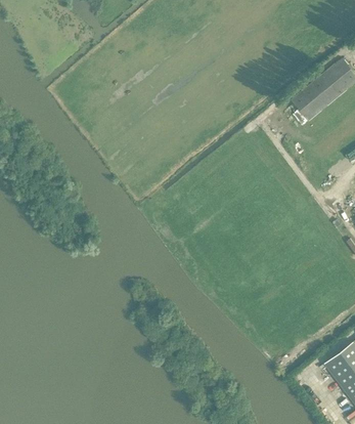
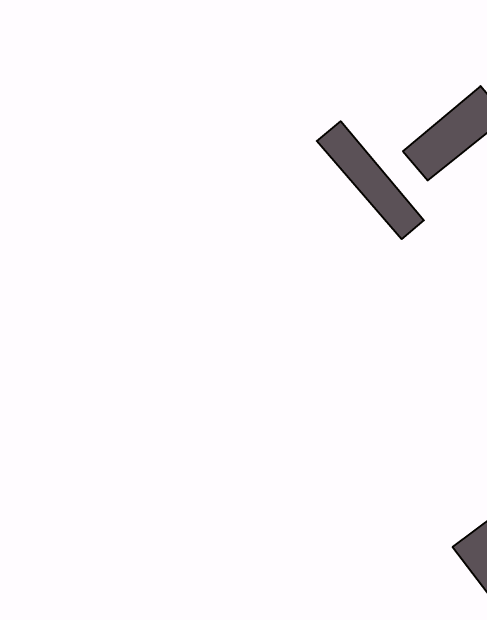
building: none -> [317,121,424,239]

